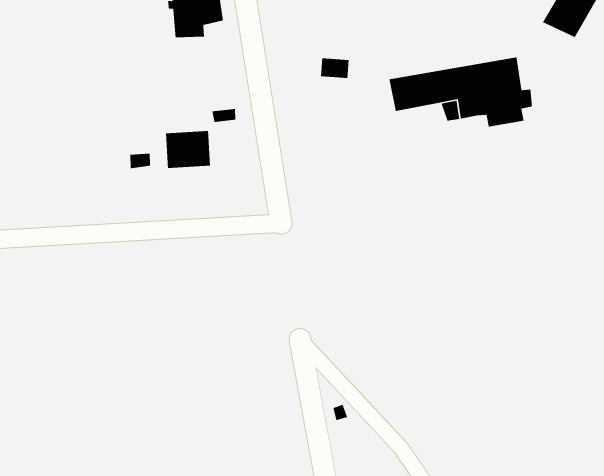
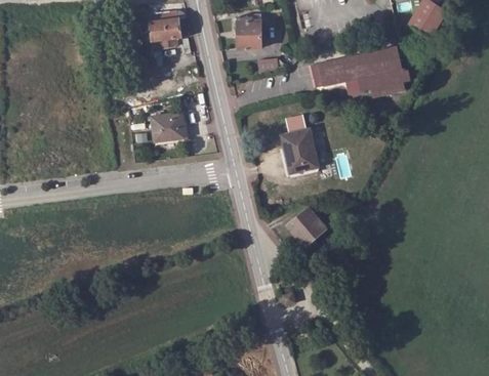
building: none -> [230,26,256,54]
building: none -> [282,125,316,169]
building: none -> [287,205,326,244]

